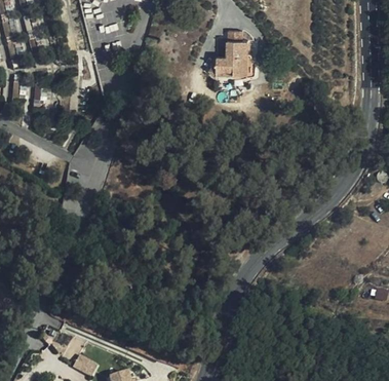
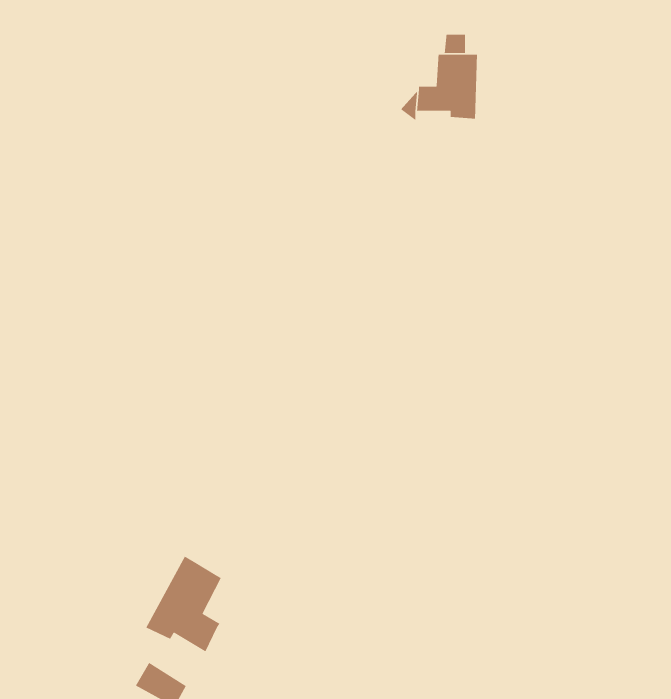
building: none -> [145,556,222,652]

